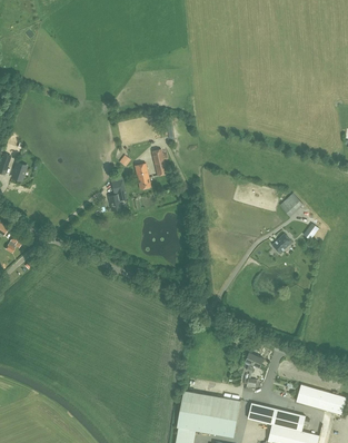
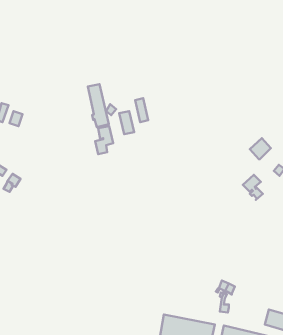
building: none -> [88,84,109,127]

